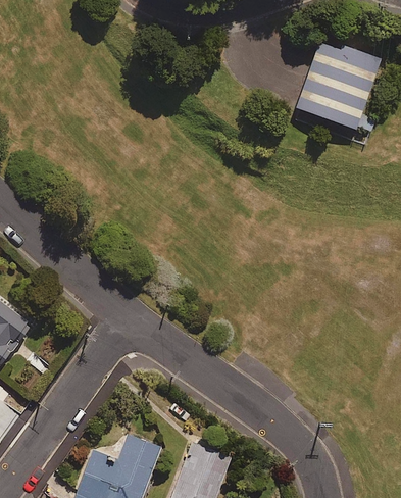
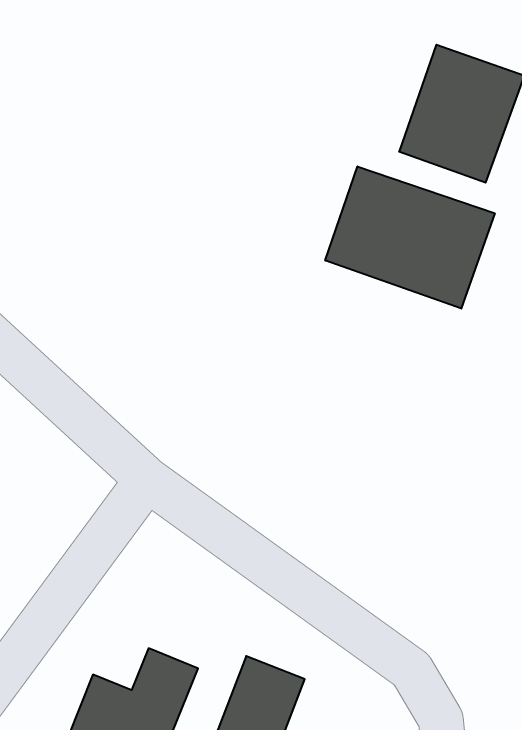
building: none -> [325,166,495,309]

